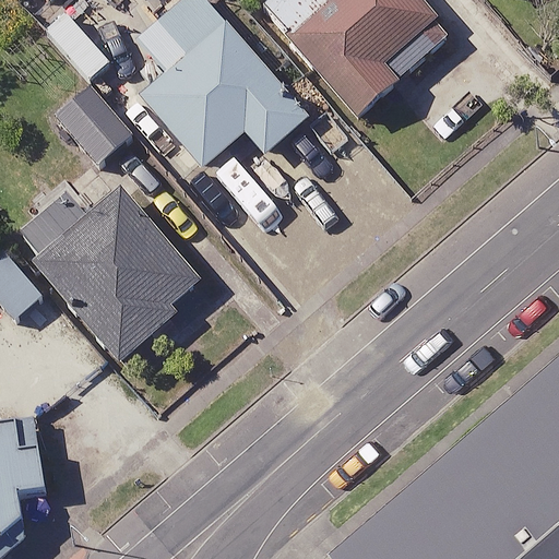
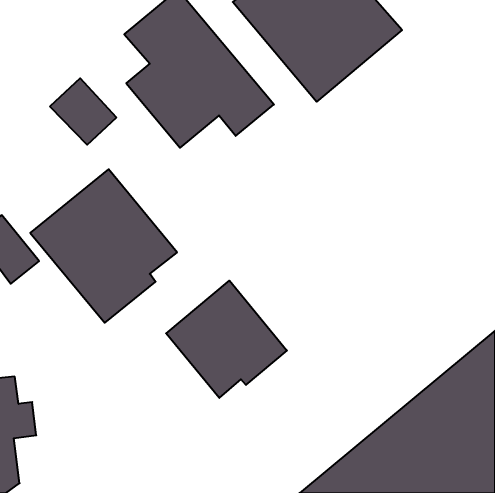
building: none -> [166,281,287,398]

